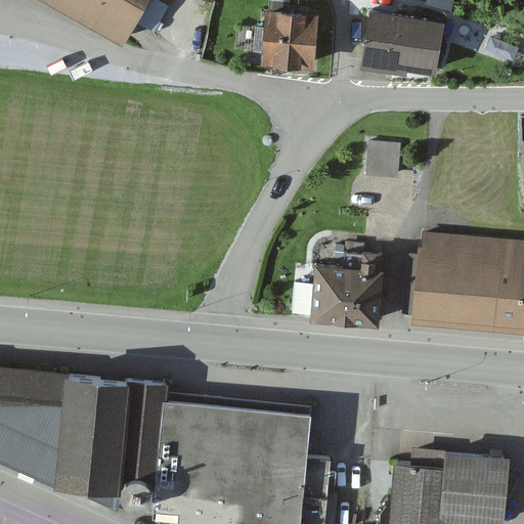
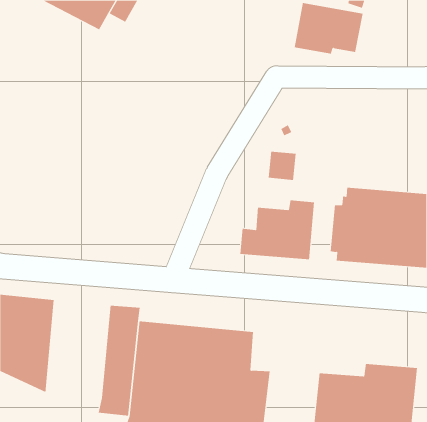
building: [262,10,318,67] -> none
building: [366,144,401,180] -> [268,151,296,180]
building: [56,374,134,493] -> none

